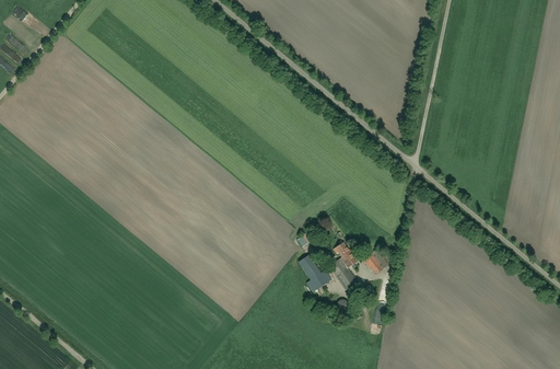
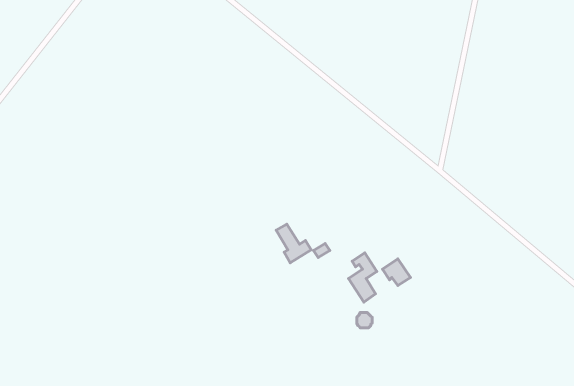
building: [300,256,332,292] -> [276,224,311,263]

